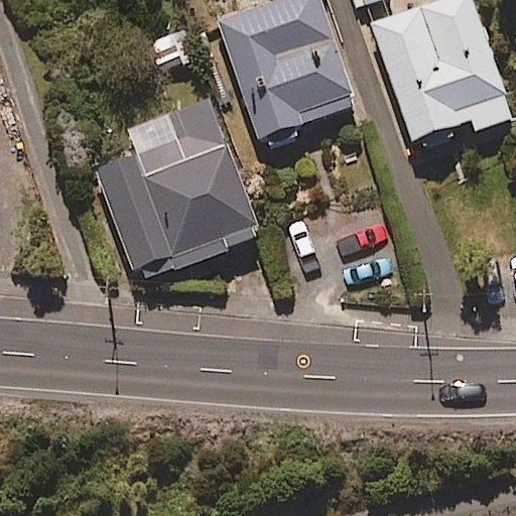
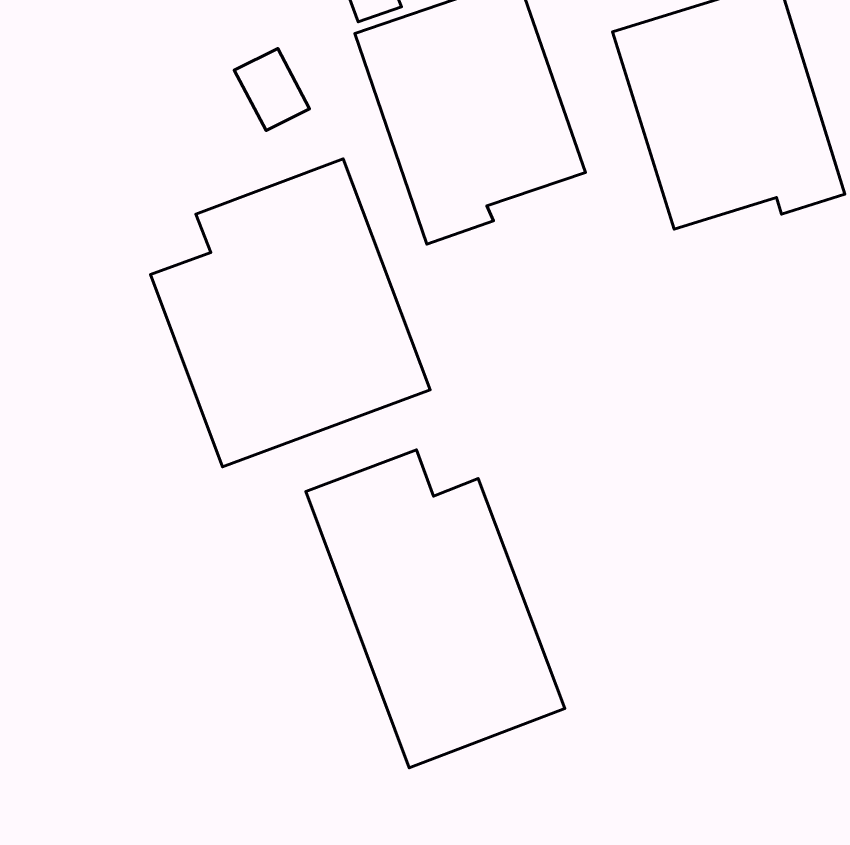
building: none -> [306,450,565,768]

